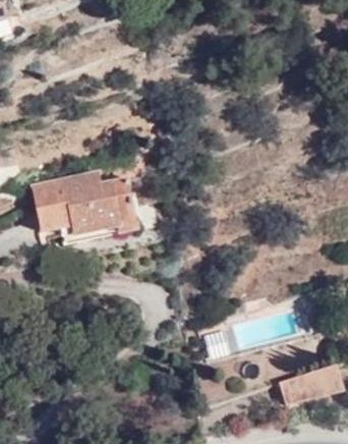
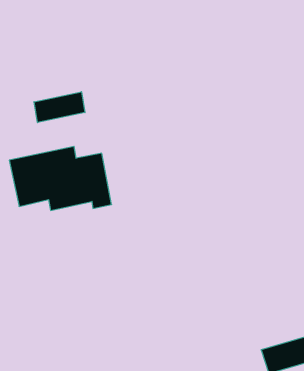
building: none -> [34,92,85,123]

